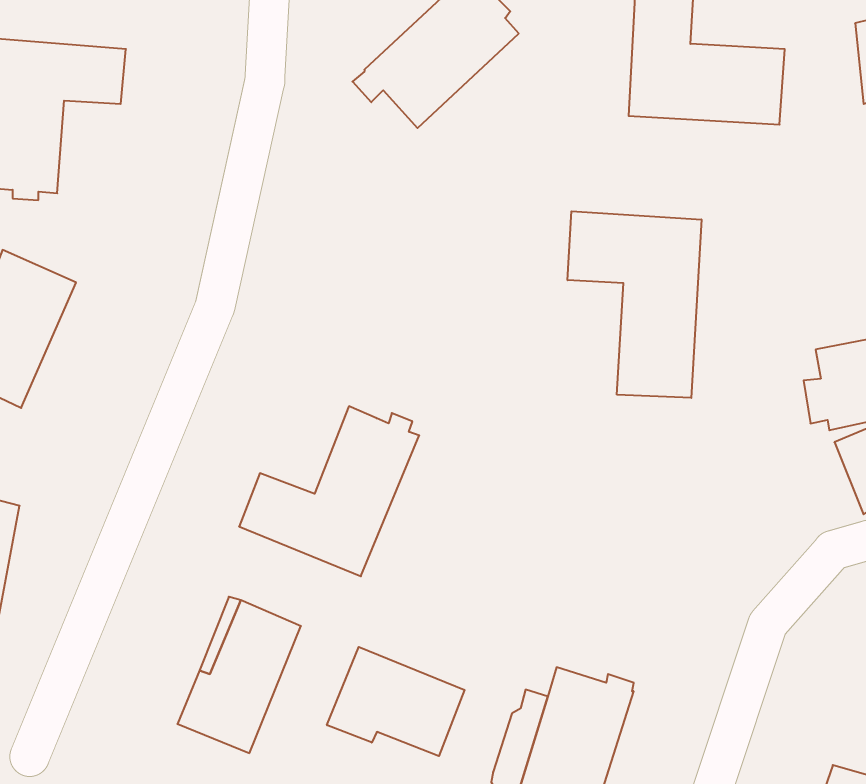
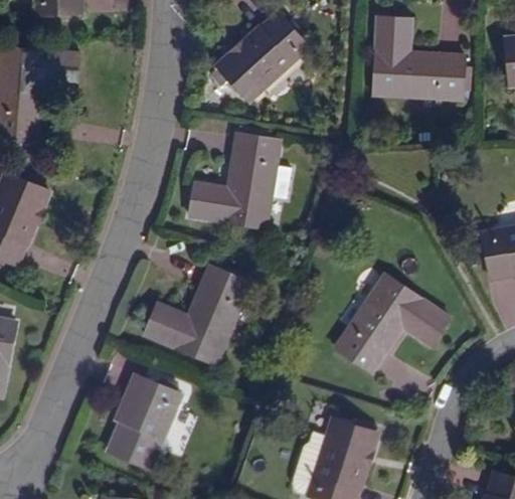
building: none -> [189,133,292,228]
building: [568,211,701,398] -> none
building: none -> [334,273,450,371]
building: [327,647,465,756] -> none

